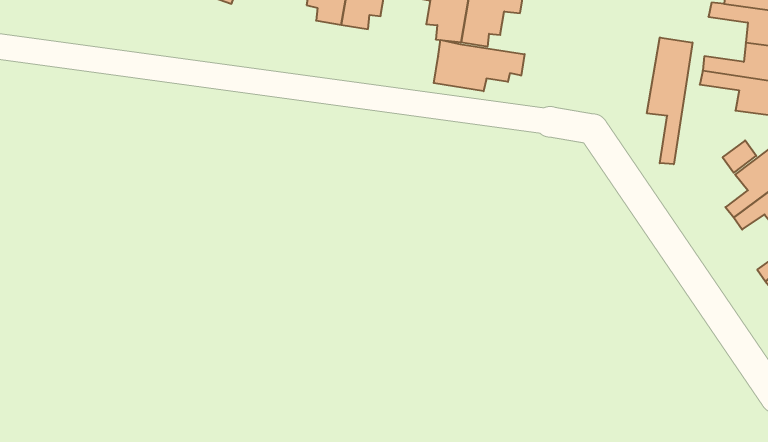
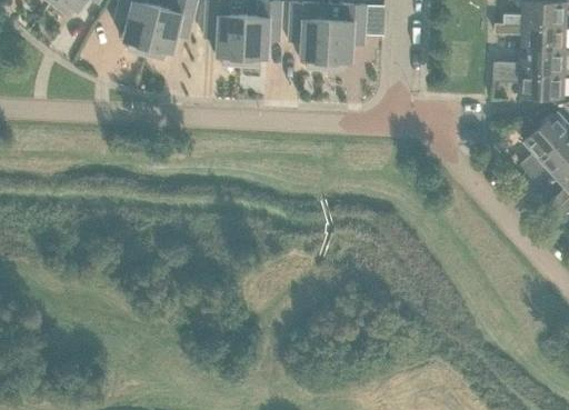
building: [647,37,692,164] -> none
building: [434,40,525,91] -> none

